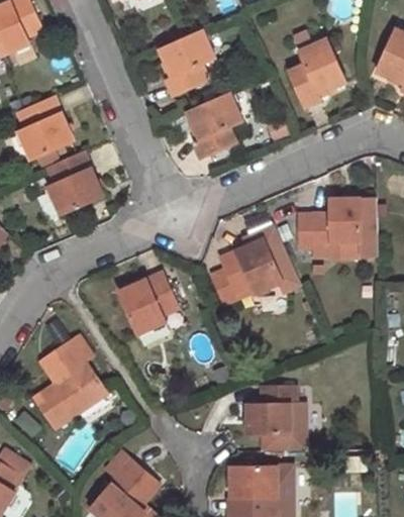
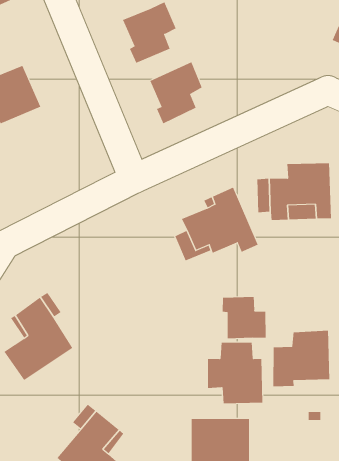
building: [289,39,344,107] -> none
building: [46,152,102,215] -> none
building: [118,272,177,333] -> none
building: none -> [222,296,266,339]
building: none -> [273,330,330,387]

